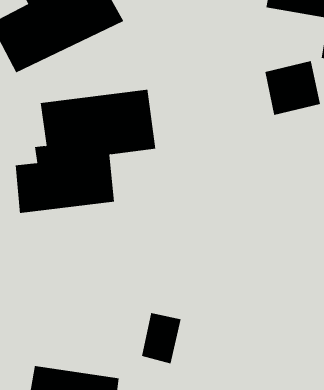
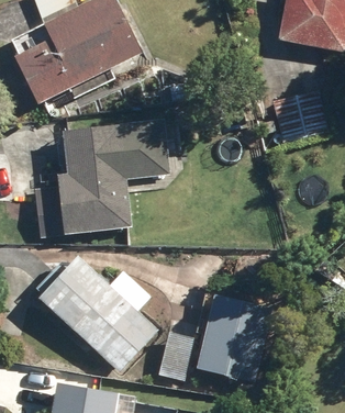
building: none -> [36,255,158,373]
building: none -> [197,294,272,383]

